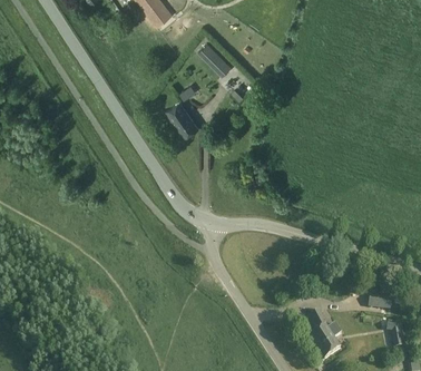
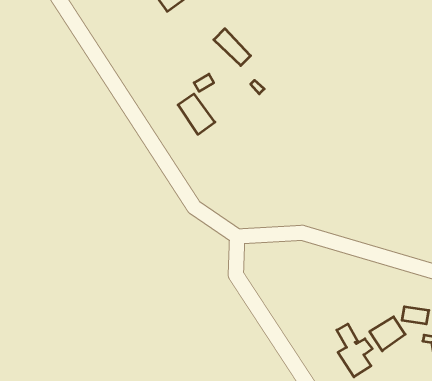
building: none -> [370,317,405,351]

